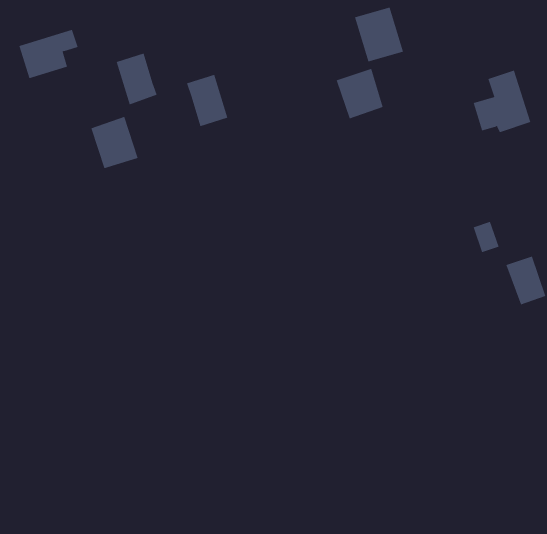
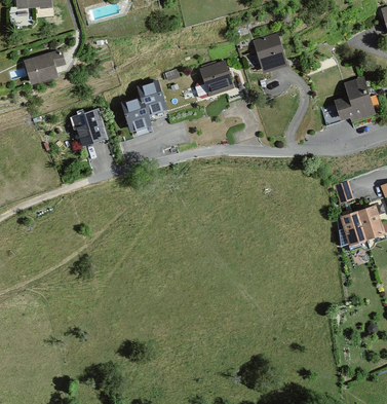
building: [116,53,158,105] -> [121,96,150,132]
building: [336,68,384,119] -> [199,61,232,96]
building: none -> [340,211,366,245]

